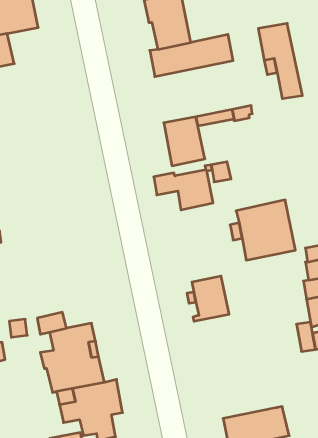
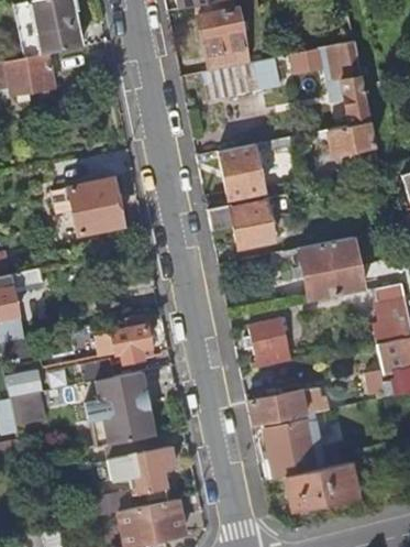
building: none -> [321,122,376,157]
building: none -> [52,161,122,234]
building: none -> [79,316,153,363]
building: none -> [247,390,333,427]
building: none -> [265,423,344,479]

